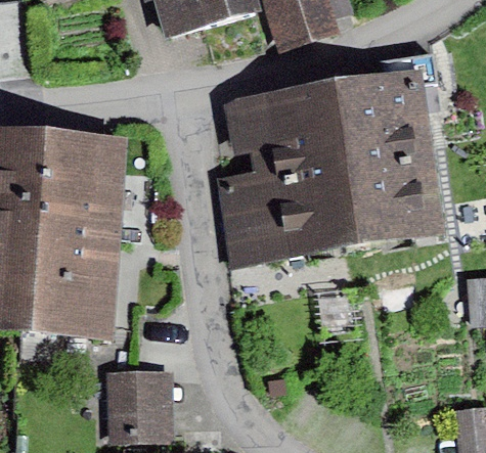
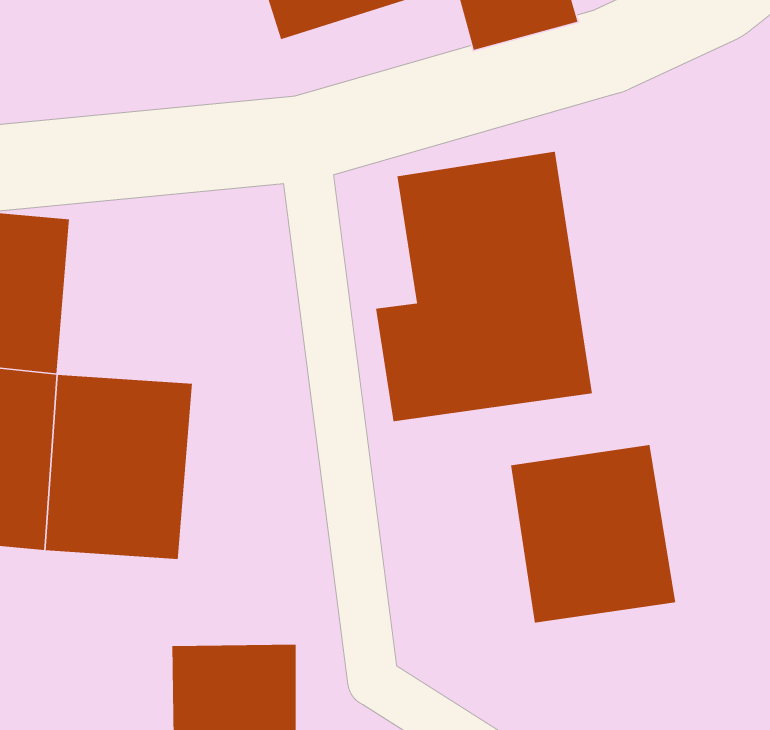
building: [325,85,441,238] -> none
building: [40,138,124,232] -> none
building: none -> [510,444,676,624]

